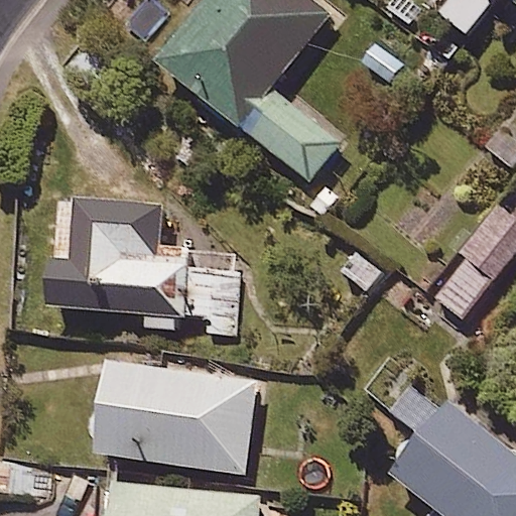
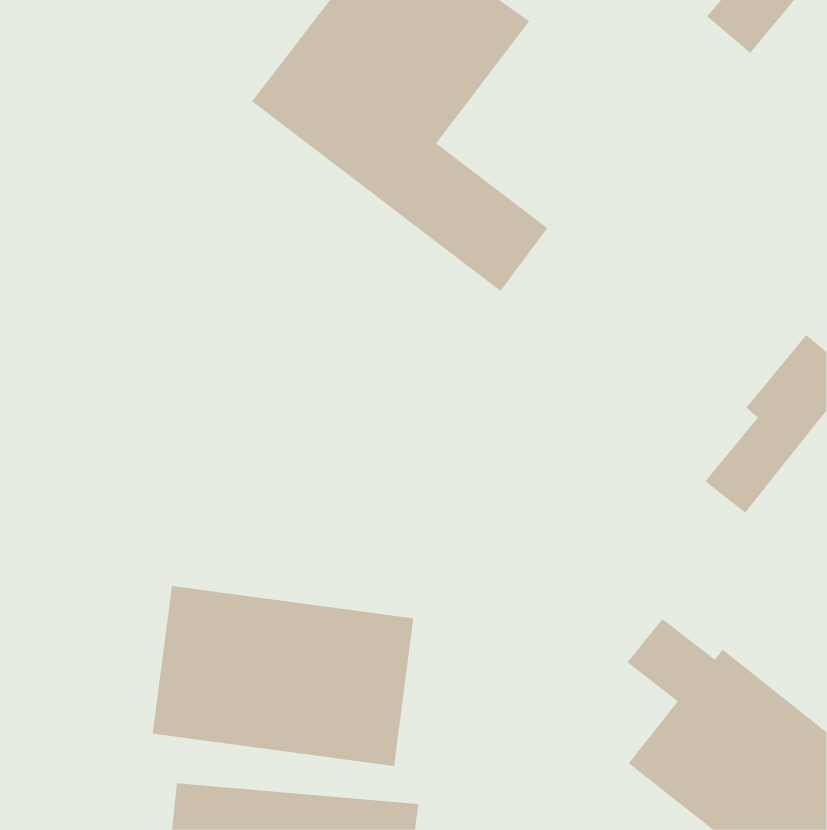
building: [45,198,241,335] -> none

